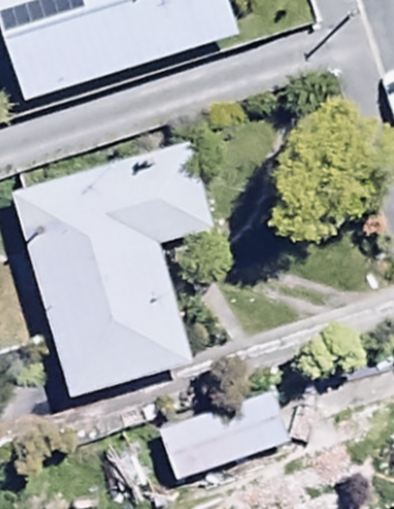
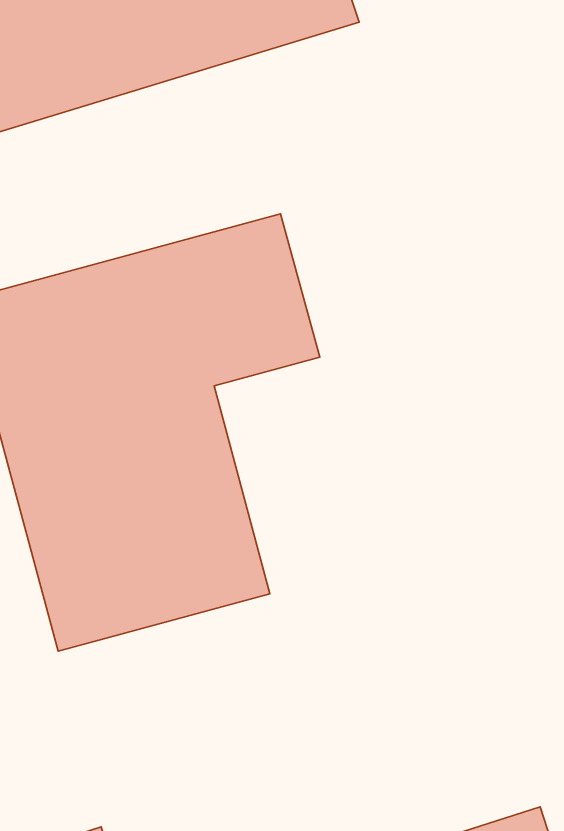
building: [158,390,286,482] -> none

